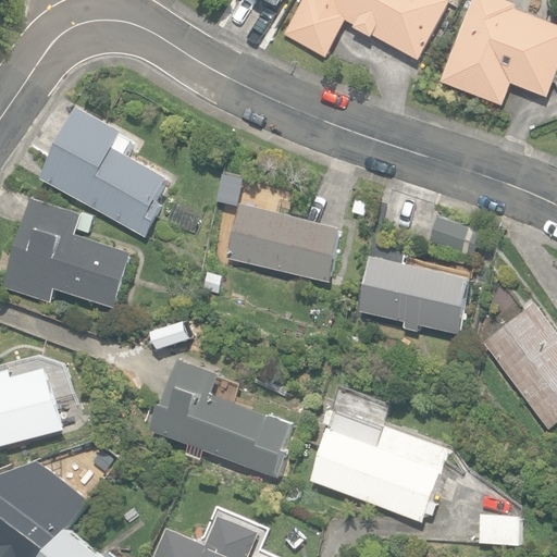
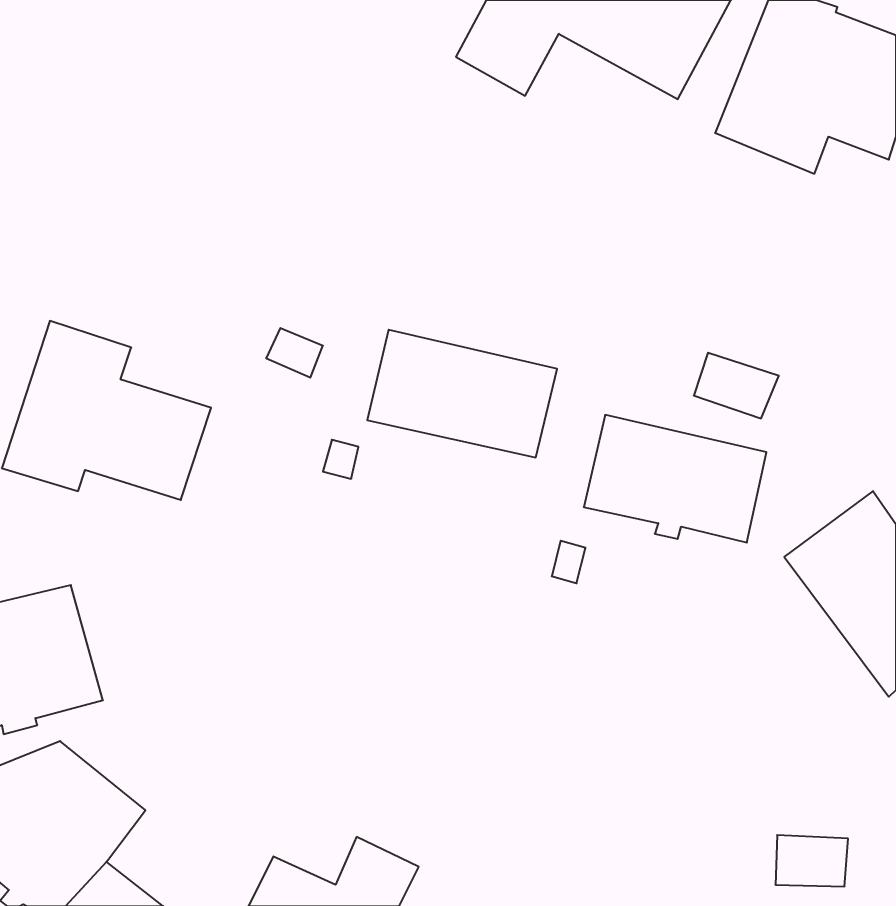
building: [39,104,170,237] -> none
building: [149,359,290,476] -> none
building: [311,404,442,521] -> none

